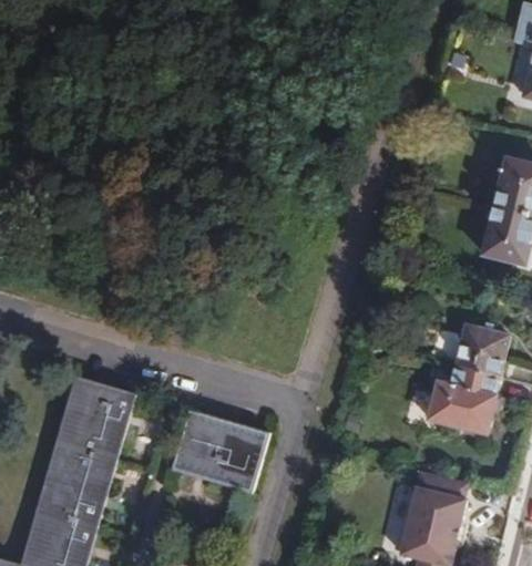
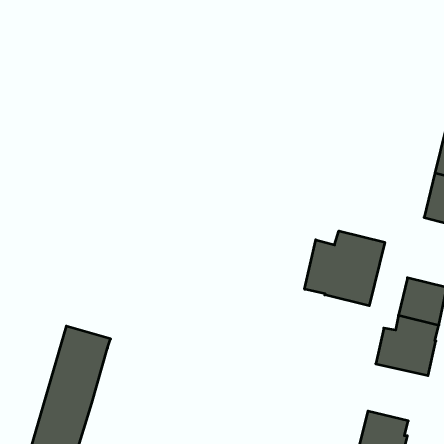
building: none -> [305,231,385,306]
building: [173,414,266,486] -> none

